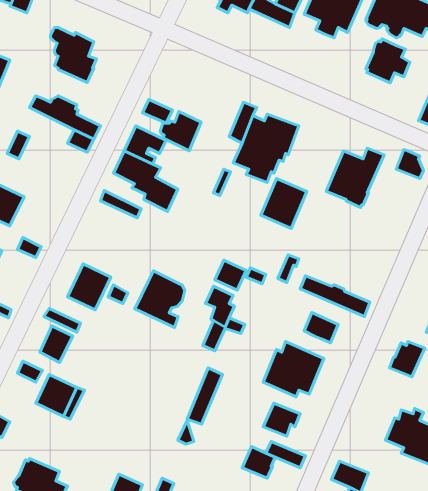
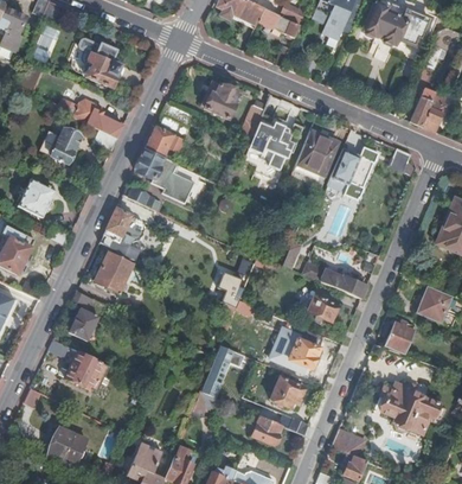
building: [366,39,410,83] -> none
building: [160,111,201,151] -> [203,83,239,119]
building: none -> [50,128,79,163]
building: [261,178,307,228] -> [296,129,338,174]
building: [135,271,185,327] -> [100,208,145,259]

